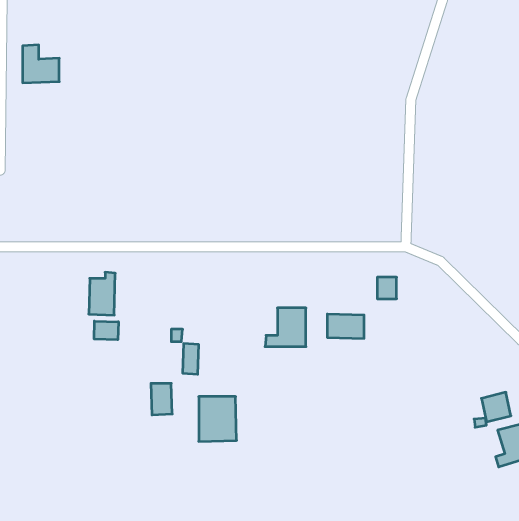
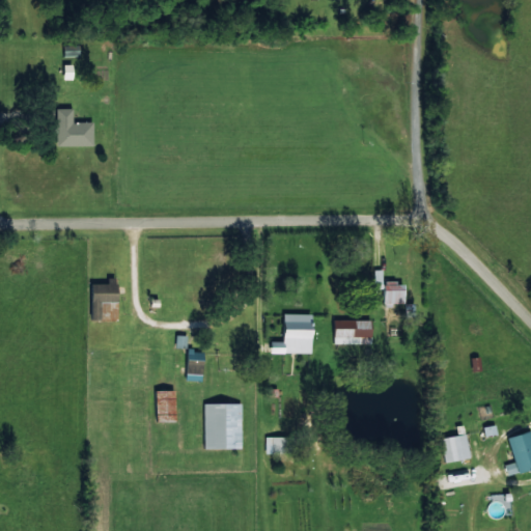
building: [23,45,59,83] -> [57,108,94,146]
building: [94,321,118,340] -> none
building: [481,392,511,422] -> [441,432,471,463]
building: none -> [266,437,290,453]

